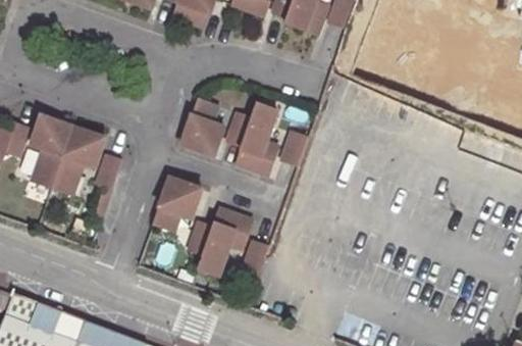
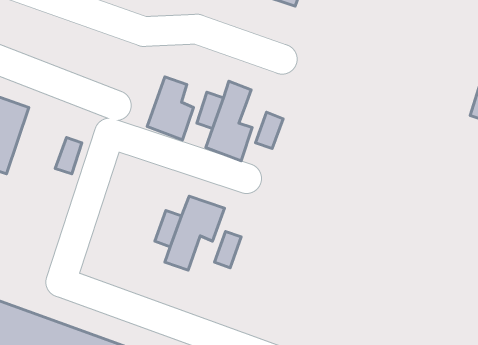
building: [52,127,105,195] -> none
building: [154,178,202,232] -> none

